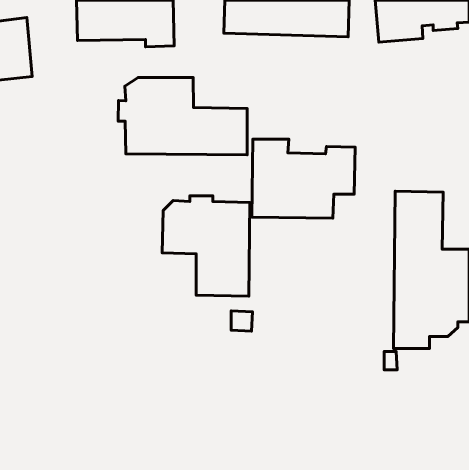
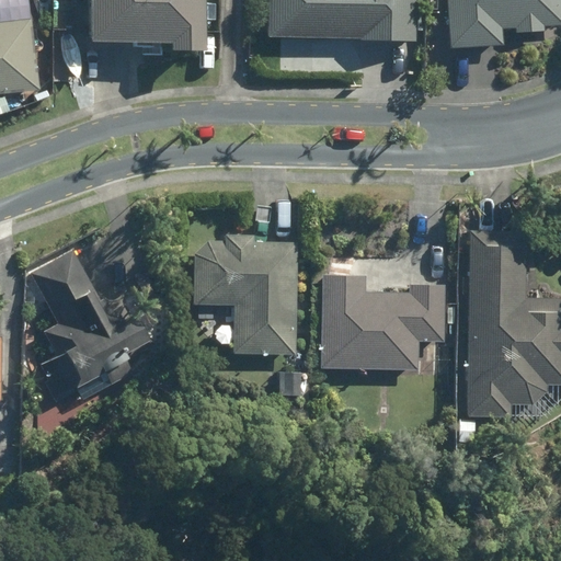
building: [118,77,247,155] -> none
building: [252,139,355,218] -> [321,274,444,368]
building: none -> [28,249,151,397]

